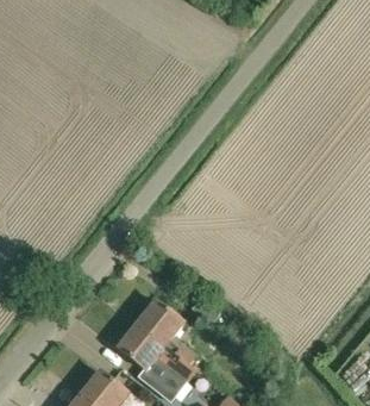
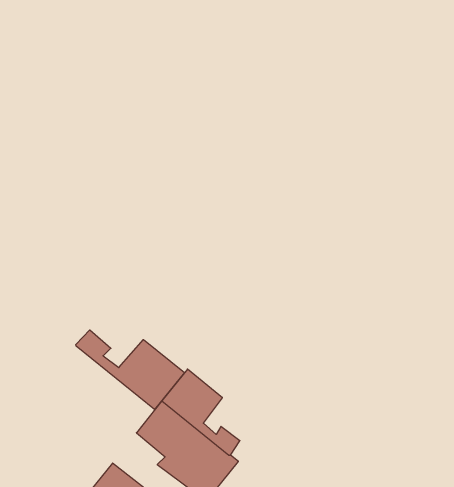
building: none -> [76,330,185,410]

